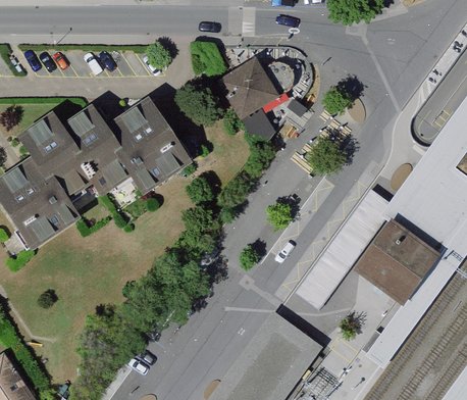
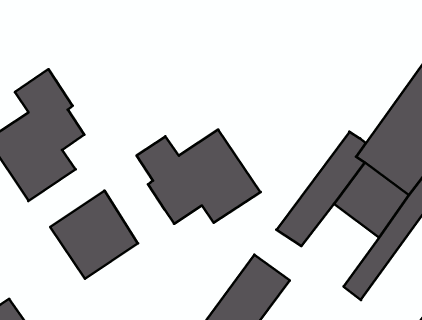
building: [223,58,300,123] -> none
building: [63,98,195,198] -> [137,130,261,224]
building: none -> [50,191,138,279]

